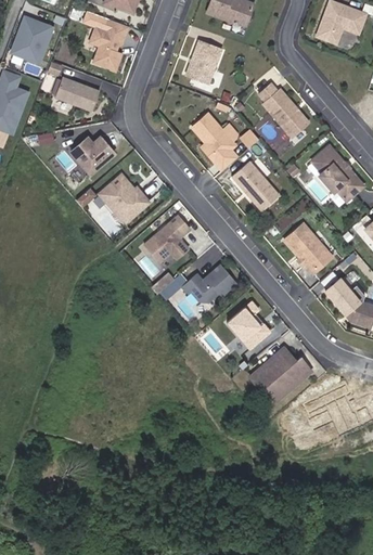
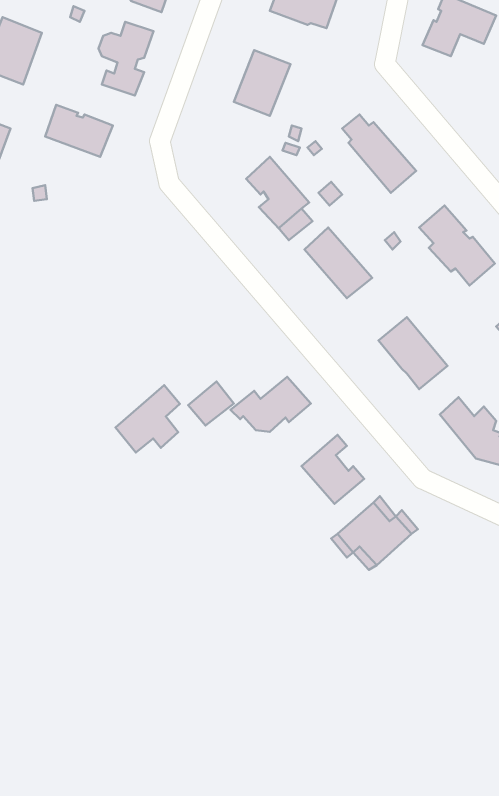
building: [69,135,113,172] -> none
building: [99,172,150,222] -> none
building: [144,215,189,261] -> [115,385,180,453]

